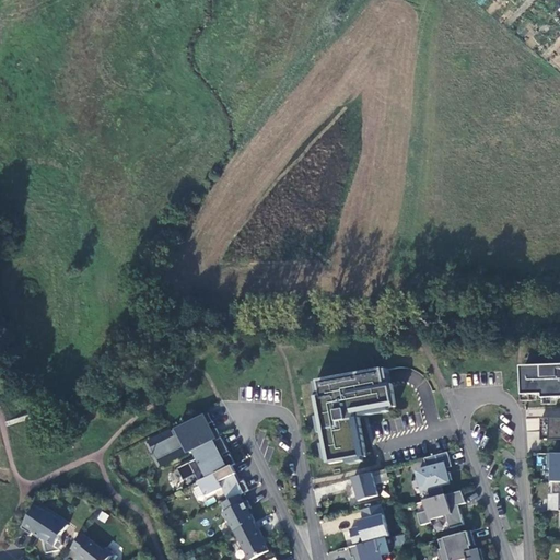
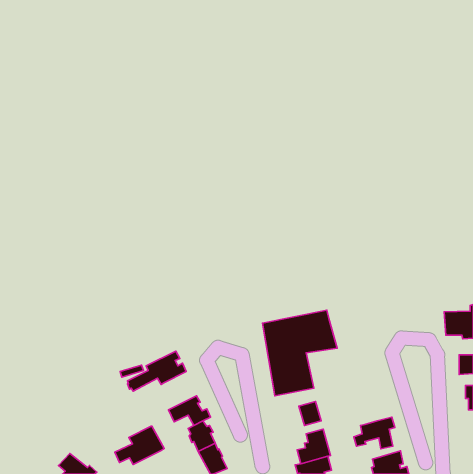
building: [176,436,234,481] -> [115,426,164,464]
building: [417,451,451,499] -> none
building: [20,504,67,551] -> none

